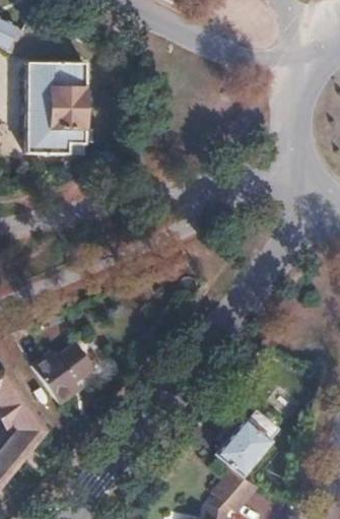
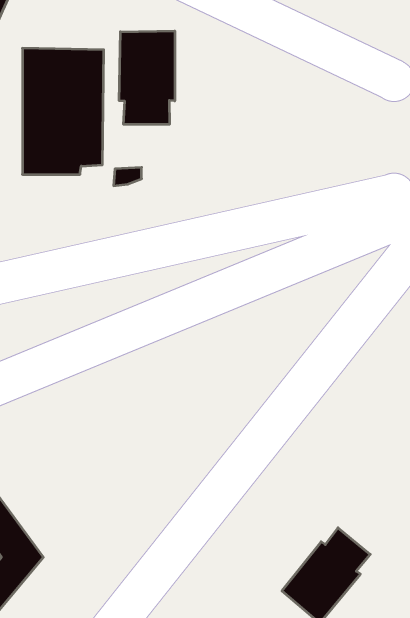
building: none -> [119,31,175,124]
building: [32,344,95,405] -> none

